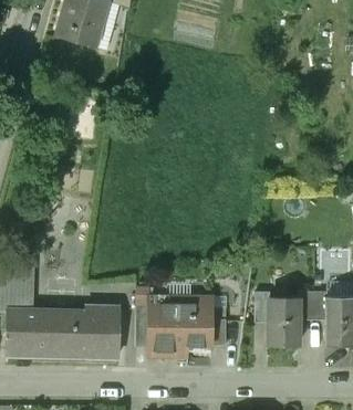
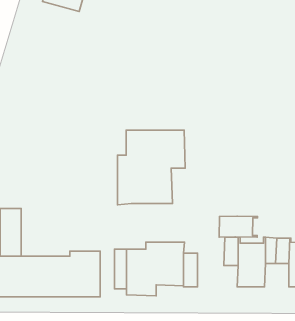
building: none -> [117,130,185,205]
building: none -> [219,216,257,237]

